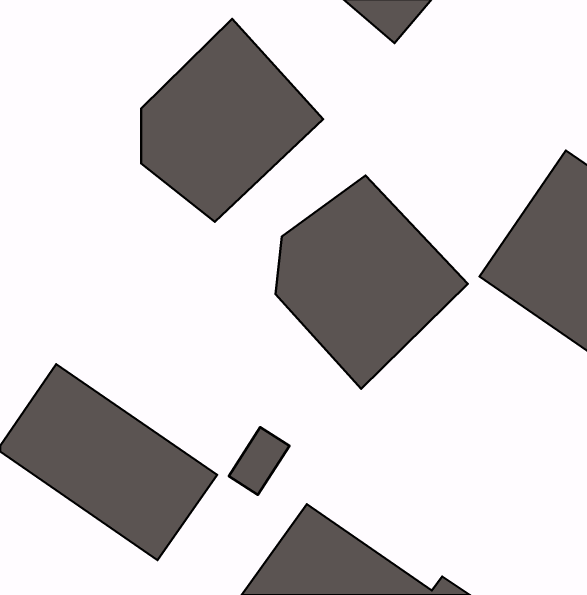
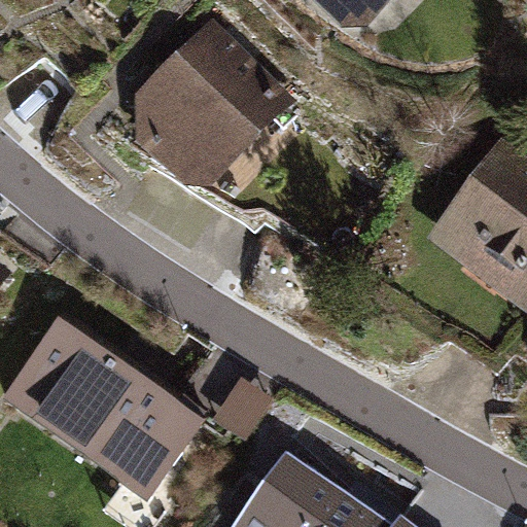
building: [276,176,468,389] -> none

